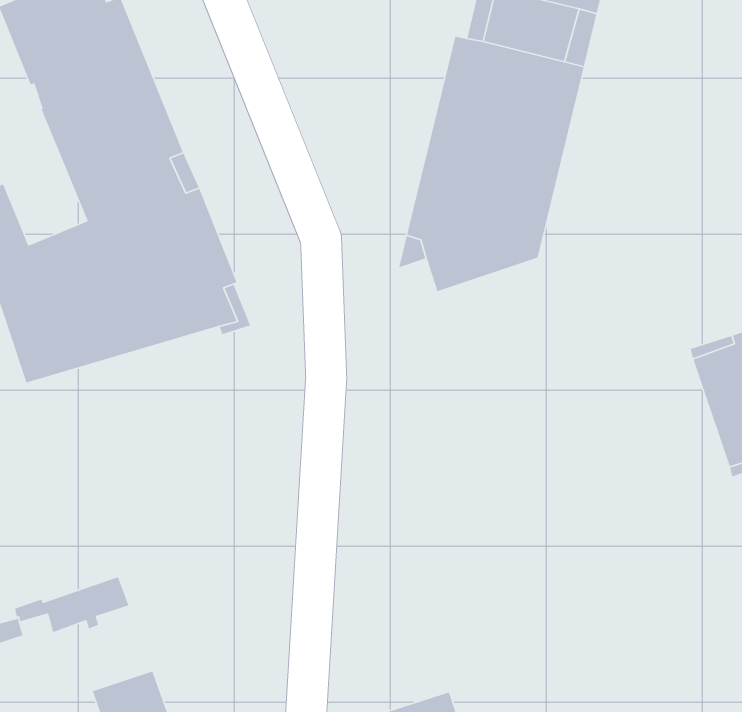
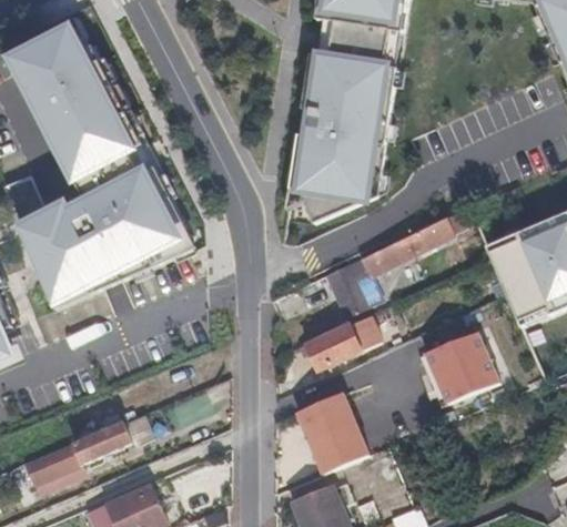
building: none -> [322,215,454,320]
building: none -> [303,316,378,372]
building: none -> [424,331,496,404]
building: none -> [295,394,366,473]

